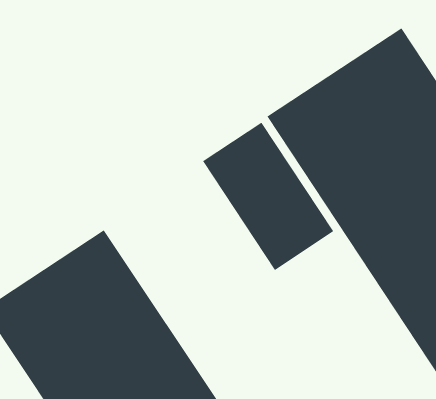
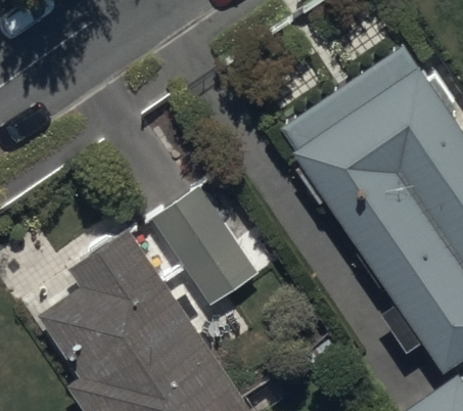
building: [202,122,334,271] -> [147,177,267,312]

